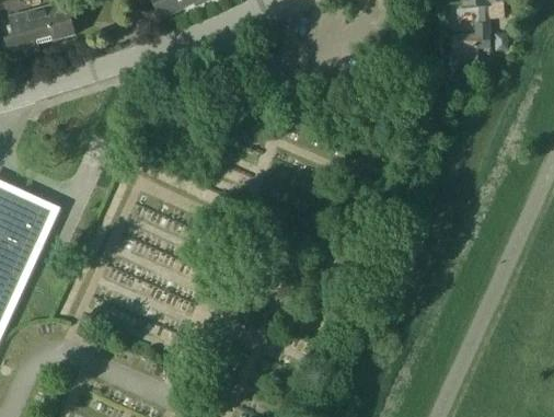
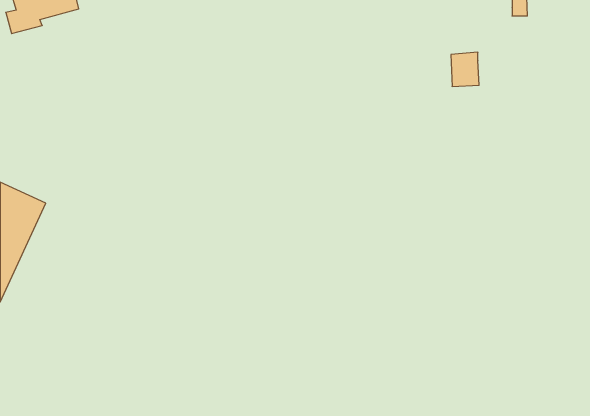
building: [451,32,477,63] -> [451,52,479,86]

